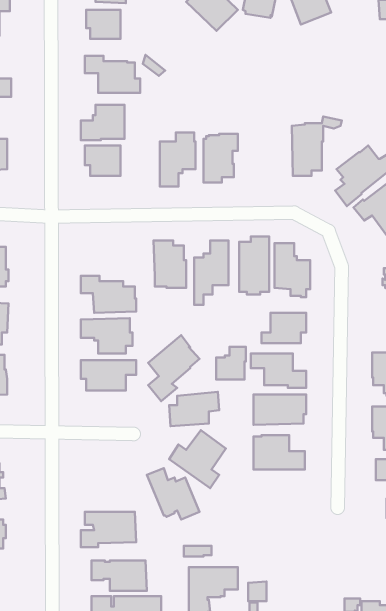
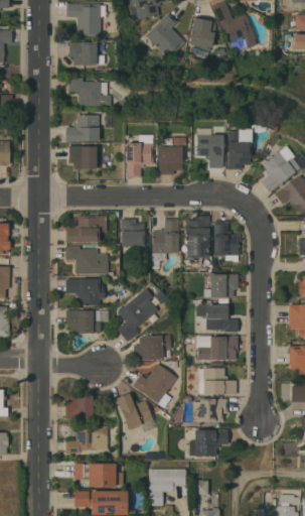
building: none -> [196,129,222,168]
building: none -> [65,216,107,242]
building: [216,347,246,379] -> none
building: none -> [65,395,93,419]
building: none -> [192,399,227,423]
building: none -> [188,429,227,457]

